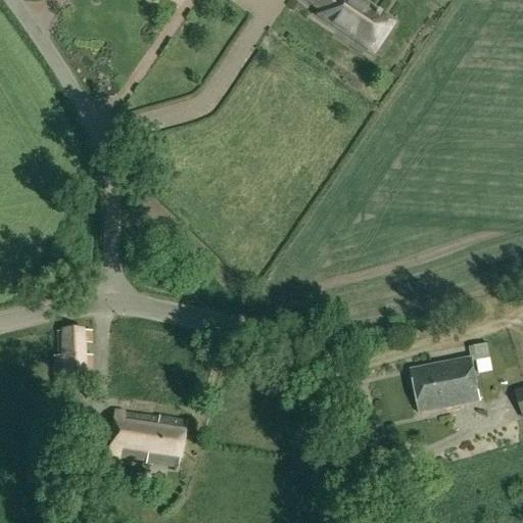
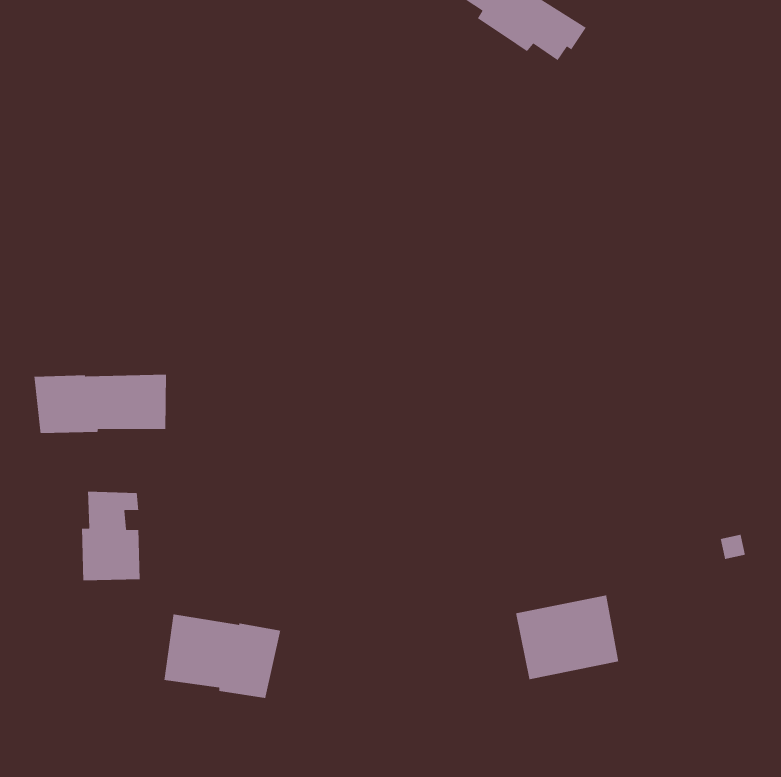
building: none -> [33,374,167,434]
building: [410,354,479,412] -> [515,594,619,680]

